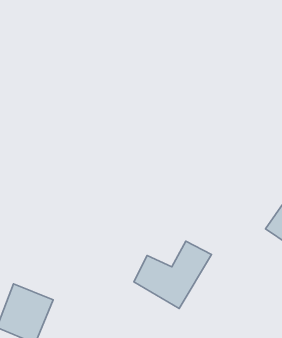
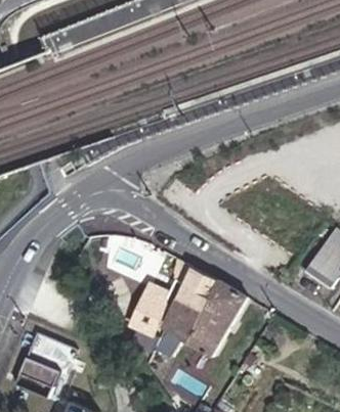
building: none -> [175,269,217,312]
building: none -> [129,286,167,338]

